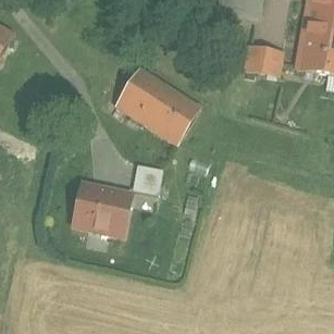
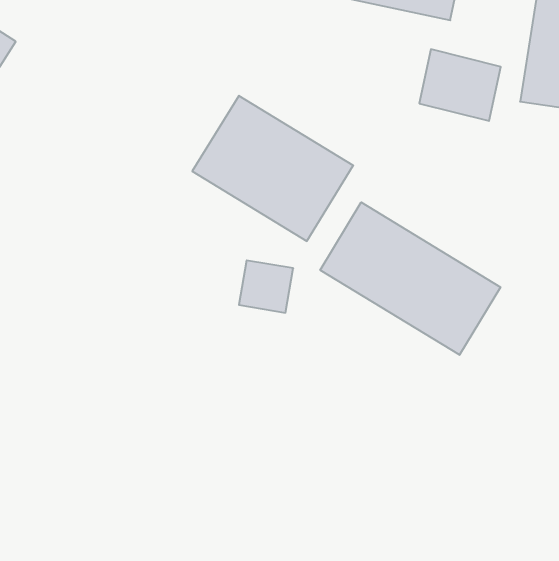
building: none -> [320,202,500,355]
building: [70,178,136,236] -> none

